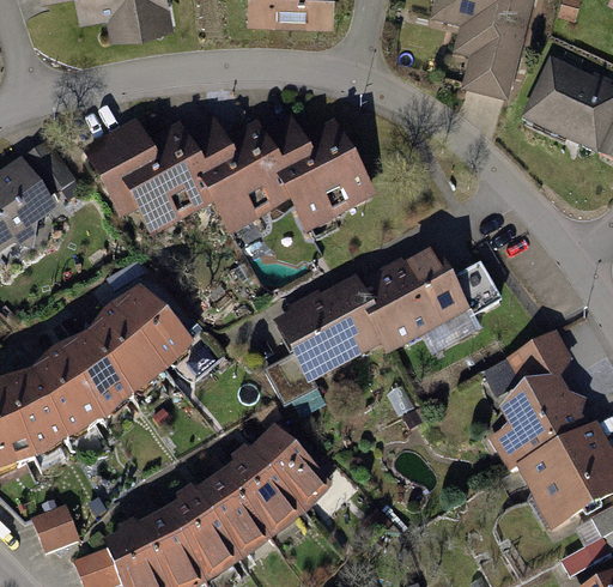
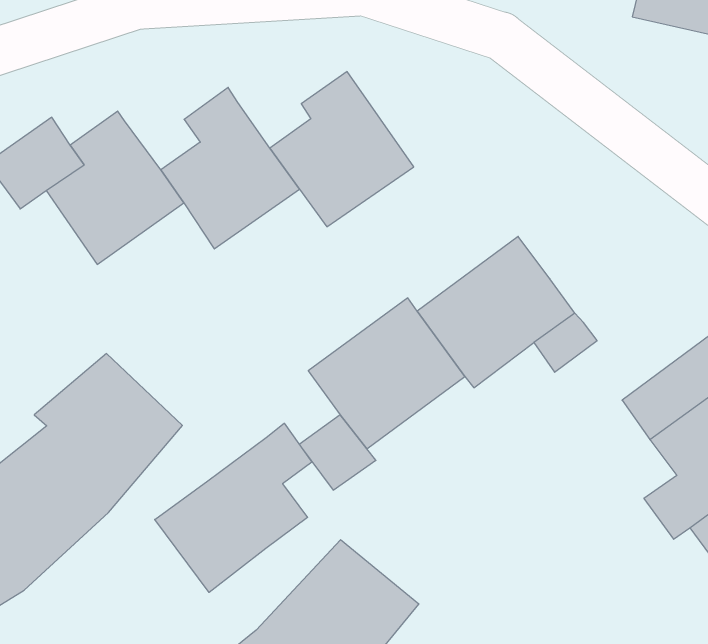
building: [259,119,305,168] -> none
building: [182,121,230,171] -> none
building: [448,265,497,314] -> none
building: none -> [155,423,312,592]

